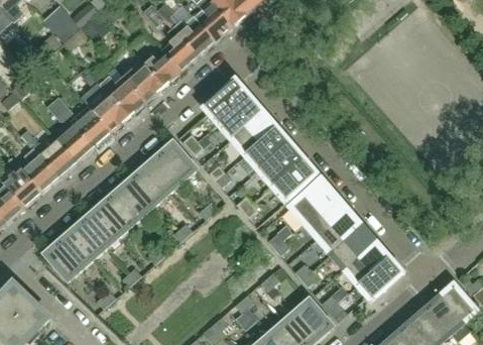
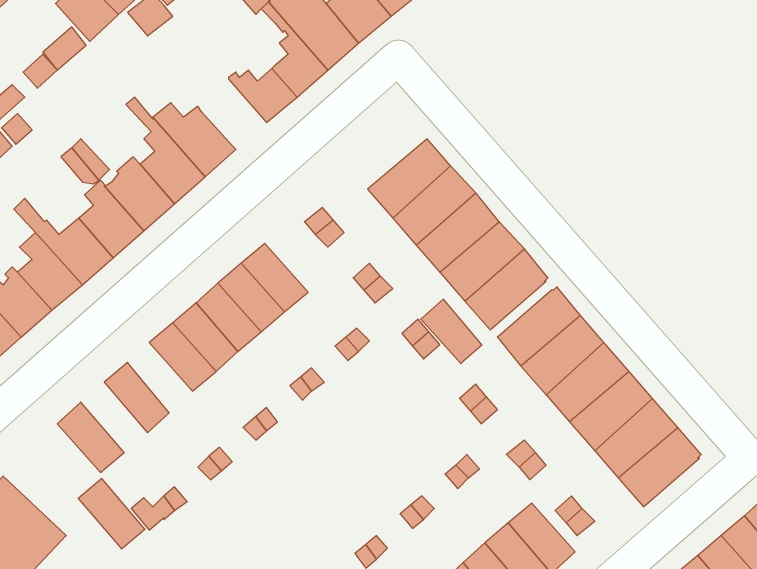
building: [123,59,161,101] -> none
building: [204,79,251,123] -> none
building: [160,141,198,181] -> none
building: none -> [421,299,482,364]
building: [84,209,120,248] -> none
building: [57,231,95,270] -> [78,479,145,549]

